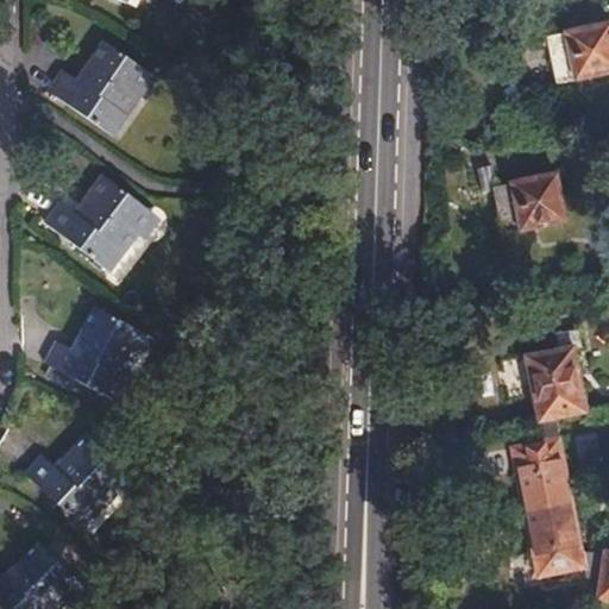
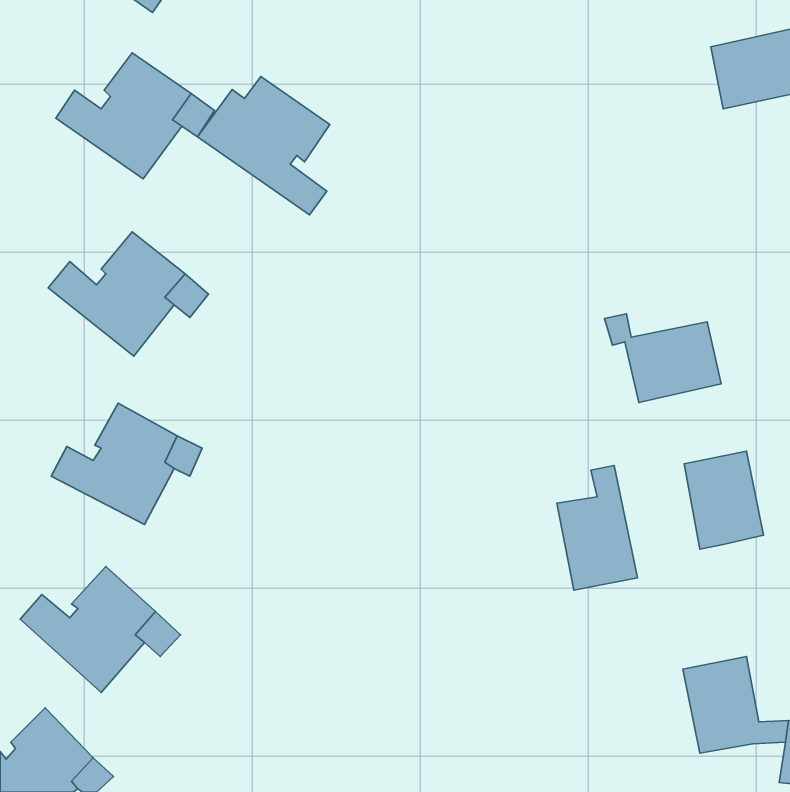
building: none -> [198,77,330,215]
building: [478,167,567,234] -> [605,314,721,403]
building: [513,416,575,511] -> [557,466,638,590]

